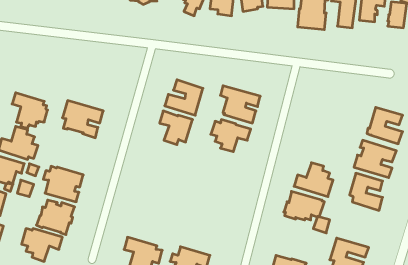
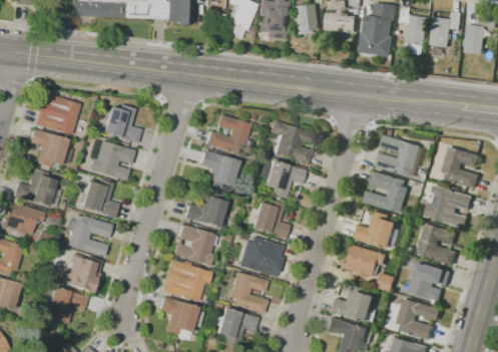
building: none -> [35,93,80,135]
building: none -> [95,104,142,143]
building: none -> [376,128,426,178]
building: none -> [365,170,409,213]
building: none -> [76,179,119,218]
building: none -> [184,190,226,228]
building: none -> [247,201,290,240]
building: none -> [173,225,215,266]
building: none -> [238,237,284,278]
building: none -> [162,260,212,302]
building: none -> [405,260,452,301]
building: none -> [229,272,268,314]
building: none -> [333,284,378,323]

